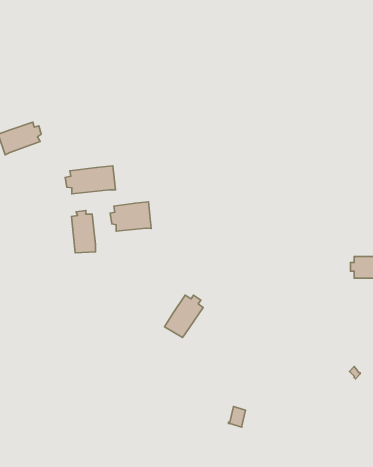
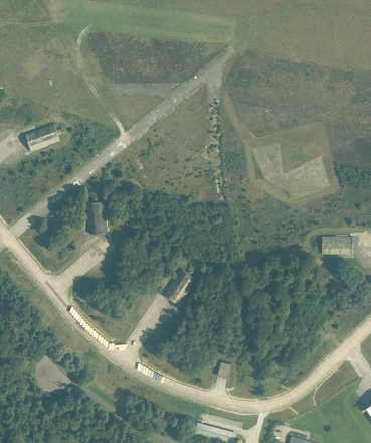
building: [65,166,116,194] -> none
building: [110,202,151,231] -> none

